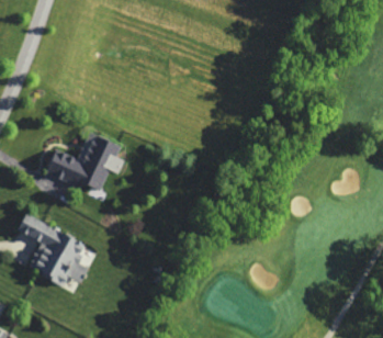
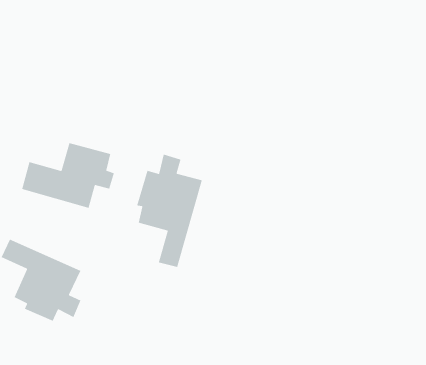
building: none -> [136,154,203,268]

